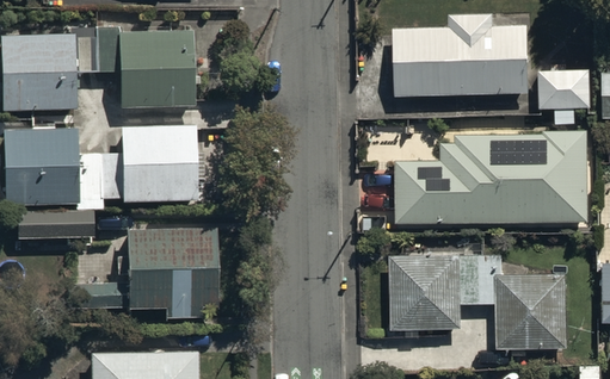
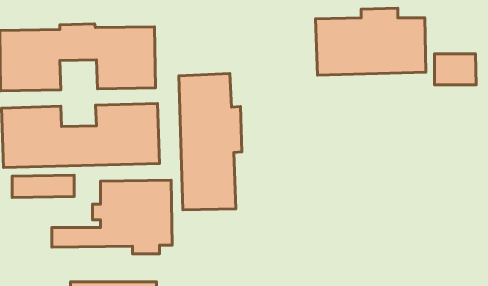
building: none -> [179,74,242,210]
building: [394,131,587,223] -> none
building: [390,255,566,348] -> none

